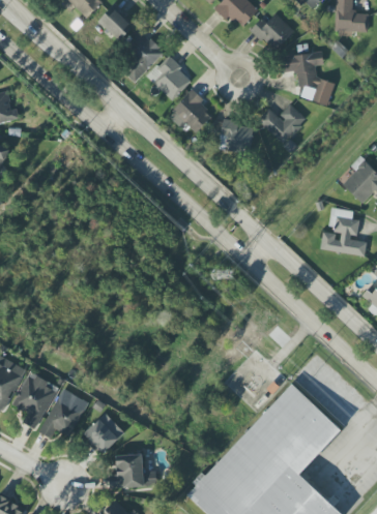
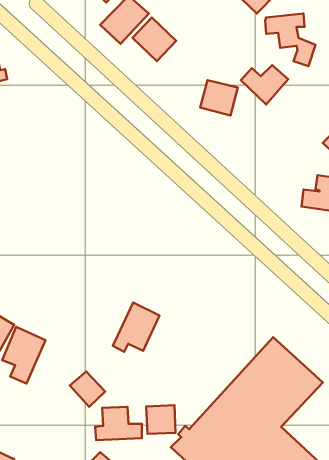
building: [168,89,211,133] -> none
building: [40,388,88,439] -> [113,302,159,352]
building: none -> [146,405,176,434]

